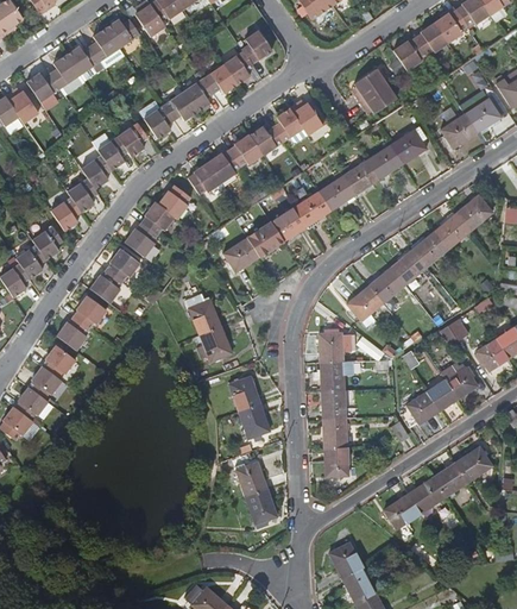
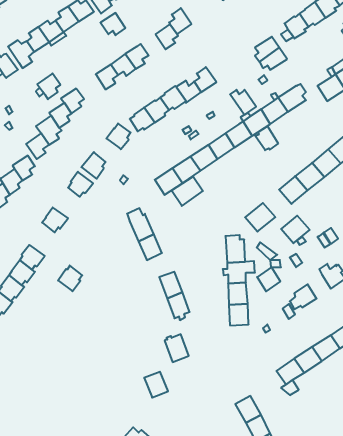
building: [203,62,237,92] -> [100,13,125,35]
building: [290,100,324,133] -> [230,90,256,115]
building: [118,120,149,155] -> [37,73,60,99]
building: none -> [255,126,278,150]
building: [141,199,175,232] -> none
building: none -> [172,177,203,206]
building: [90,266,122,301] -> none
building: [366,269,404,306] -> [281,216,310,243]
building: [57,313,89,347] -> [58,265,82,291]
building: [425,382,456,414] -> [257,267,280,291]
building: [322,448,348,478] -> none
building: [246,490,278,525] -> [144,372,168,398]

